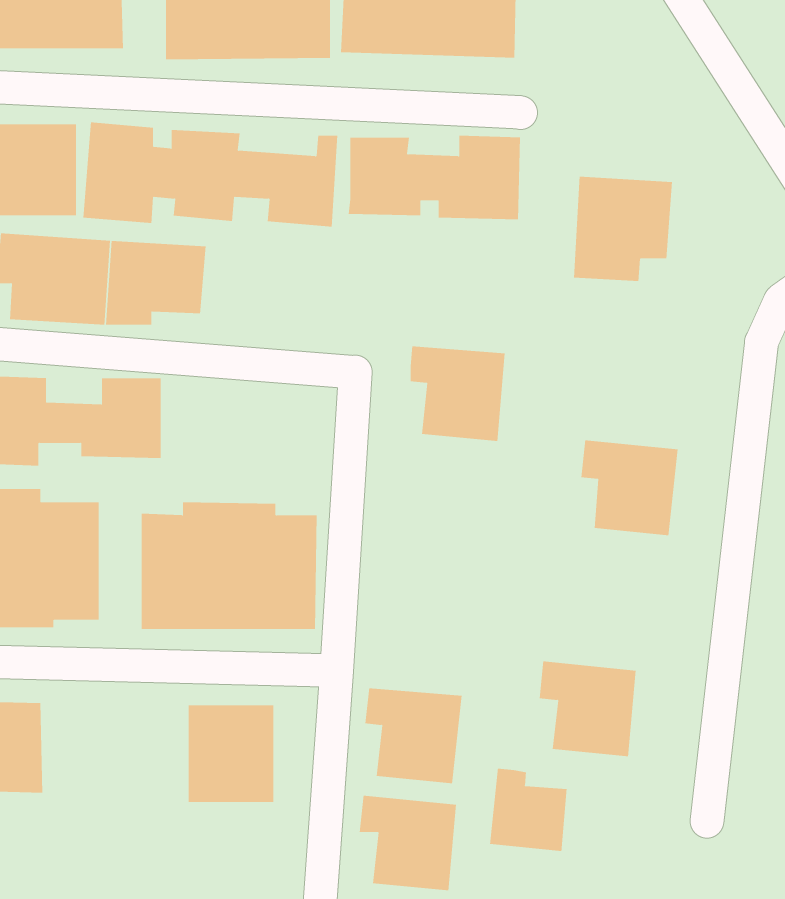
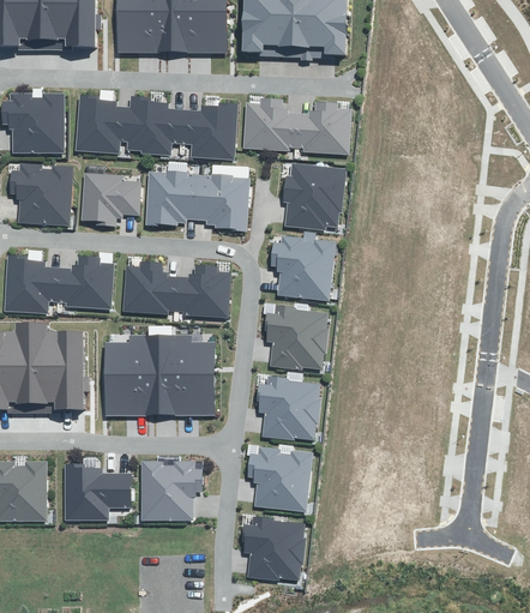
building: [573,176,673,282] -> [284,162,348,229]
building: none -> [143,170,252,228]
building: none -> [127,260,237,318]
building: [581,440,678,536] -> [269,306,331,367]
building: [539,661,636,757] -> [254,377,317,438]
building: none -> [61,468,134,517]
building: [490,768,567,852] -> none

